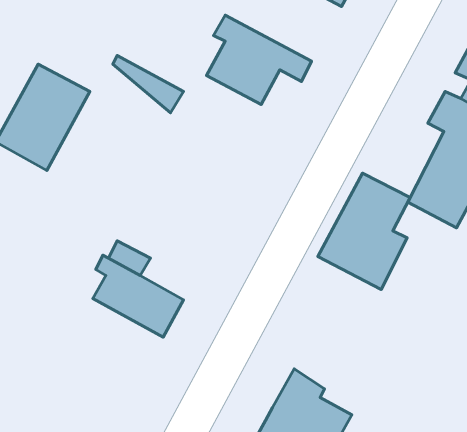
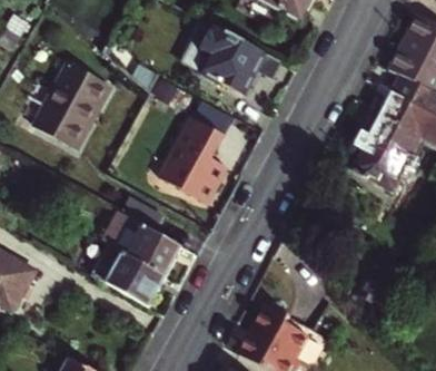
building: [318,173,410,290] -> [157,113,228,203]
building: none -> [92,243,164,303]

